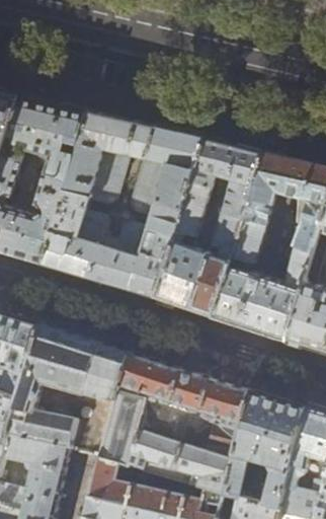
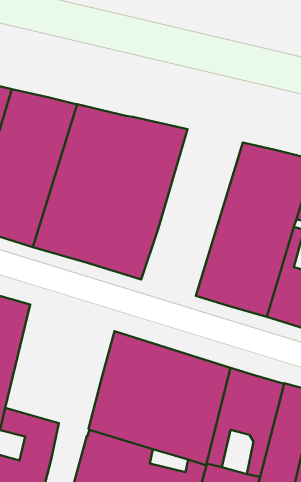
building: [155,140,262,316] -> none
building: [11,325,127,452] -> none

